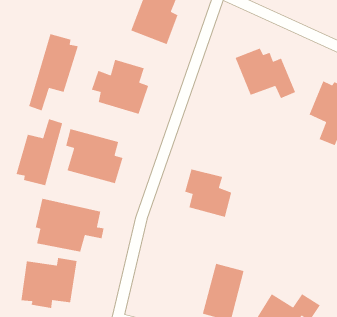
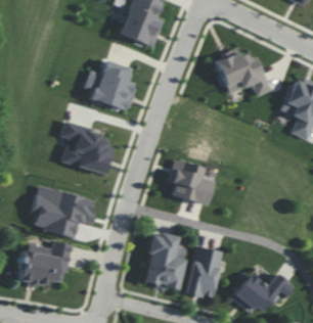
building: [28,33,79,111] -> none
building: [15,118,63,186] -> none
building: none -> [144,232,186,289]

